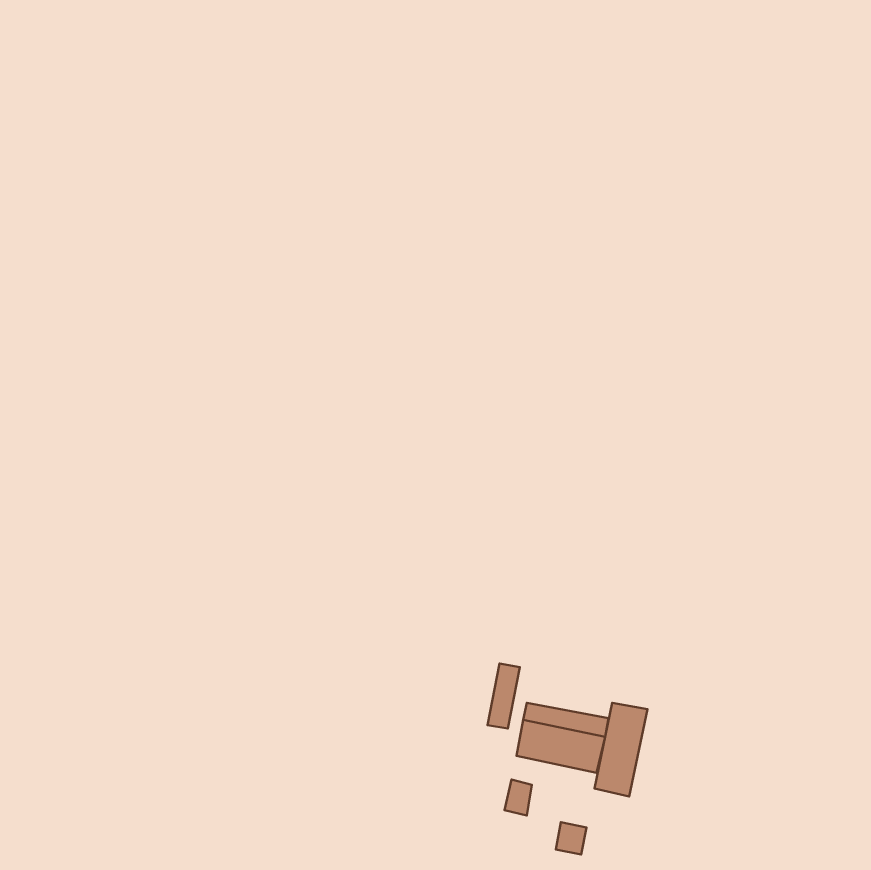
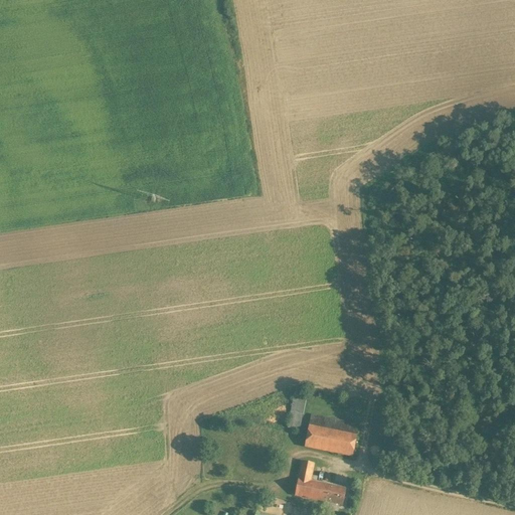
building: [595,703,647,797] -> none
building: none -> [295,478,331,501]

